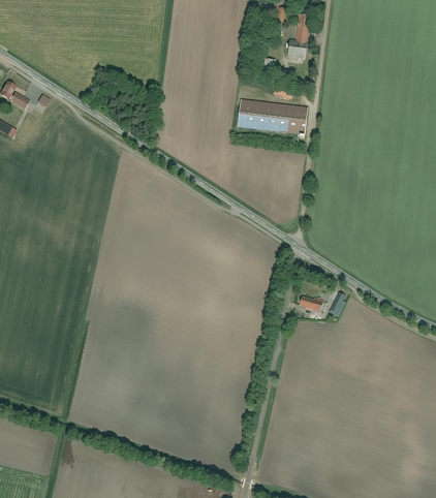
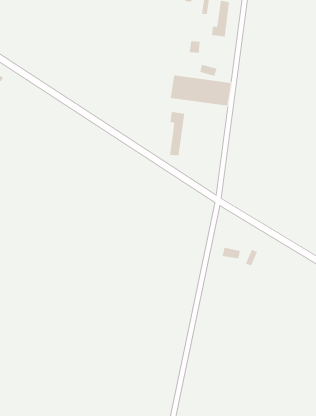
building: none -> [170,111,185,156]

